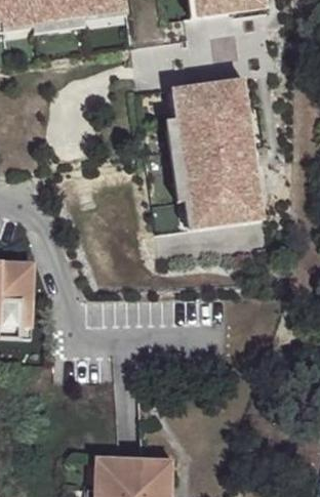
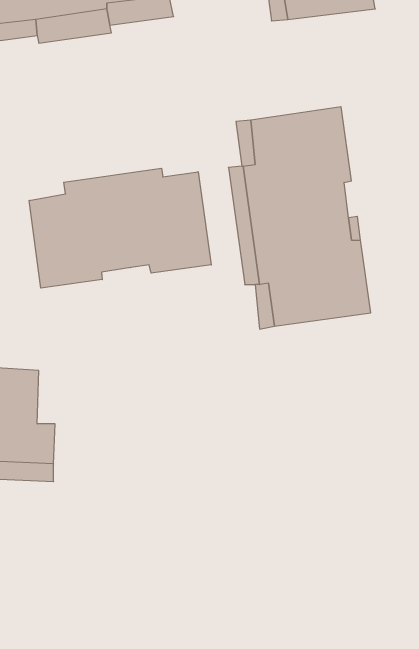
building: none -> [29,168,211,288]

